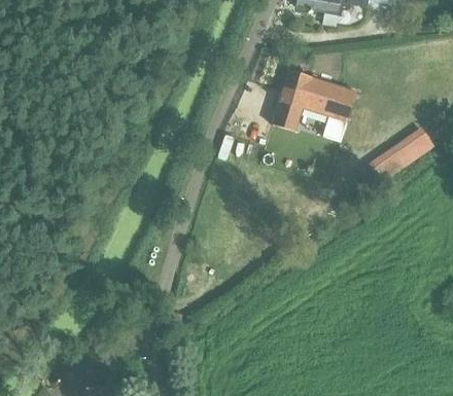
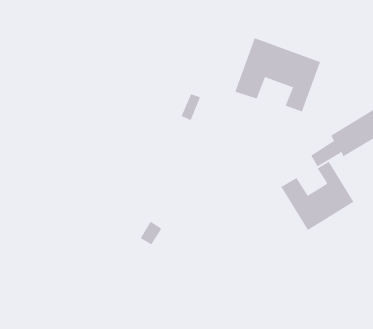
building: none -> [280,161,354,231]

